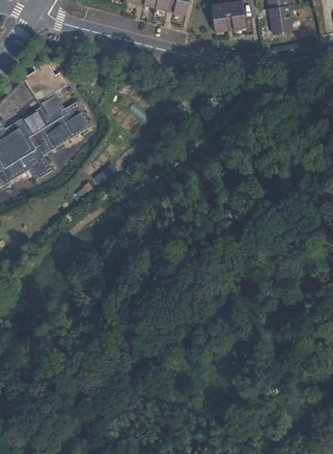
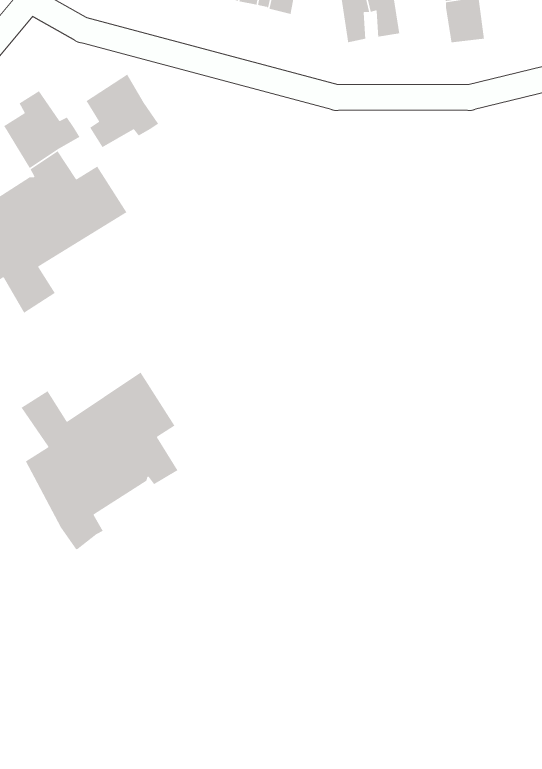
building: none -> [85,73,159,148]
building: none -> [20,371,179,550]

